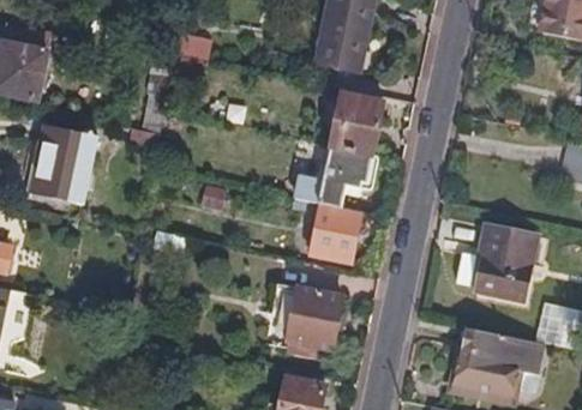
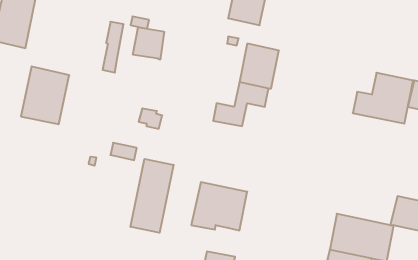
building: none -> [133,27,164,60]
building: [292,200,360,263] -> none
building: [457,225,540,295] -> [353,73,413,124]
building: none -> [131,159,174,233]

